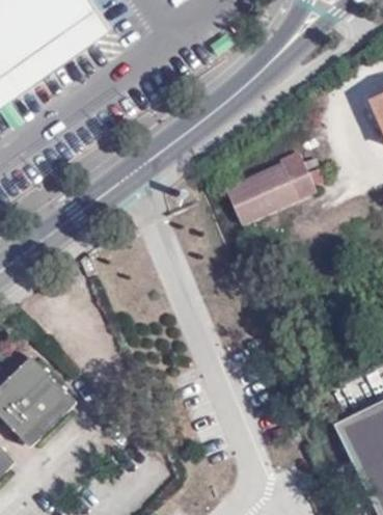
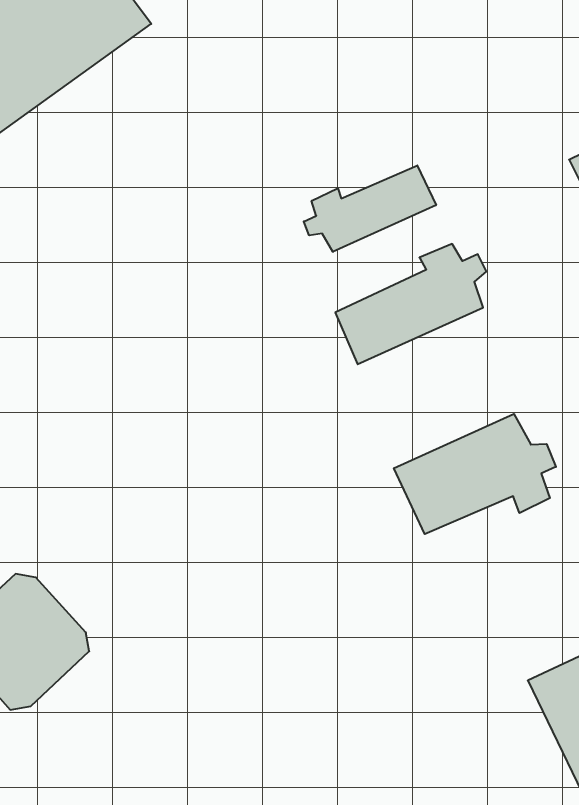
building: none -> [304,165,436,252]
building: none -> [394,414,556,534]

